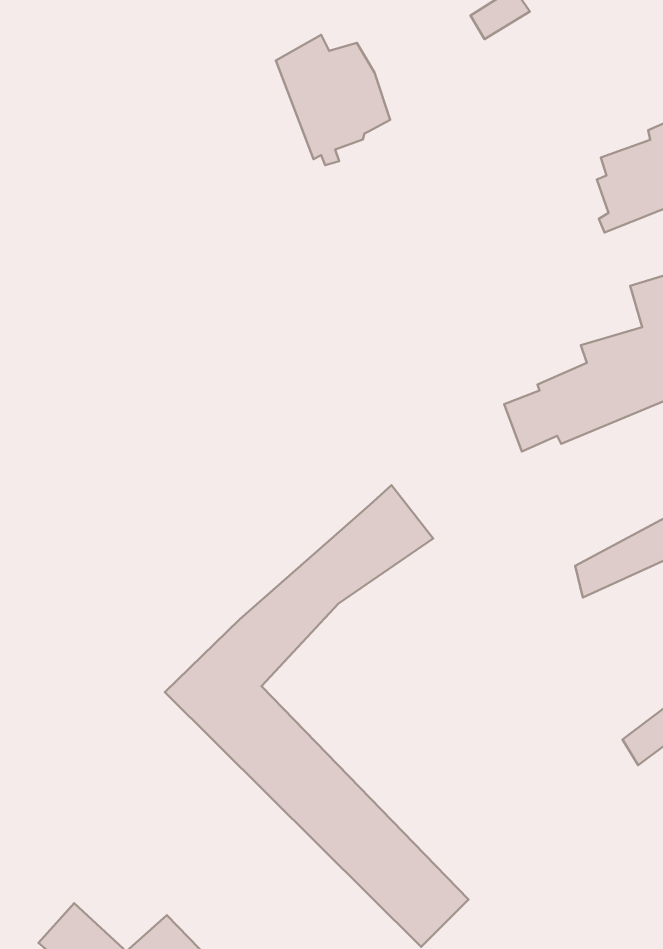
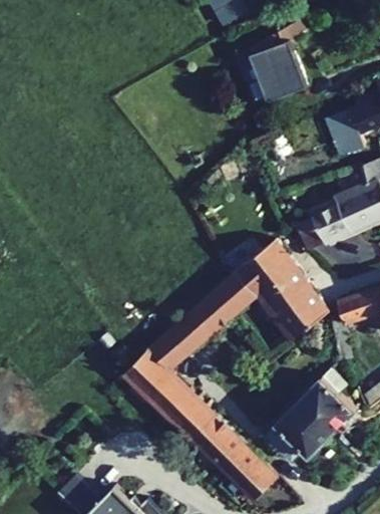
building: [276,35,390,165] -> [248,38,306,104]
building: none -> [240,238,331,340]
building: none -> [265,379,359,466]

